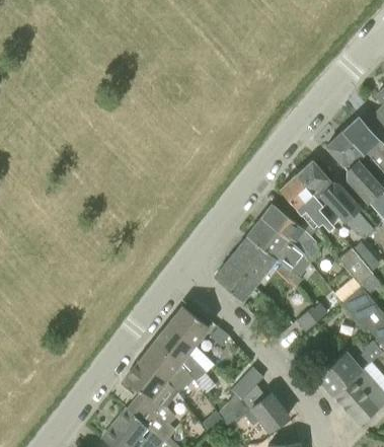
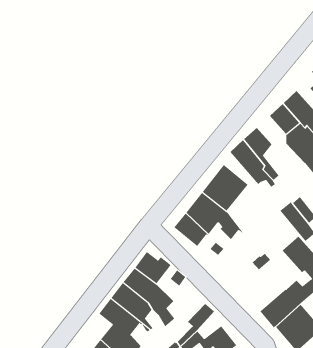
building: [320,180,374,239] -> none
building: [277,228,317,286] -> none

